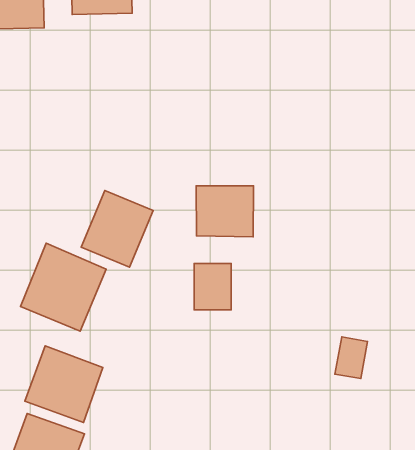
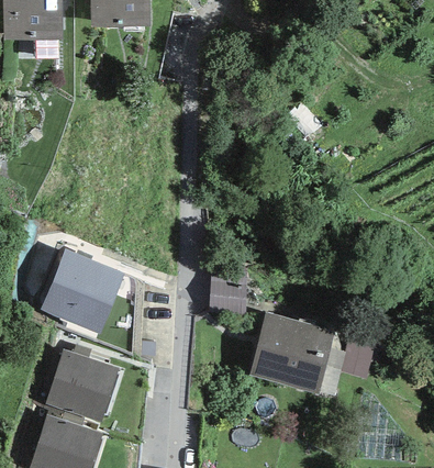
building: [196,186,253,237] -> none
building: [81,191,153,267] -> none
building: none -> [248,312,337,394]

